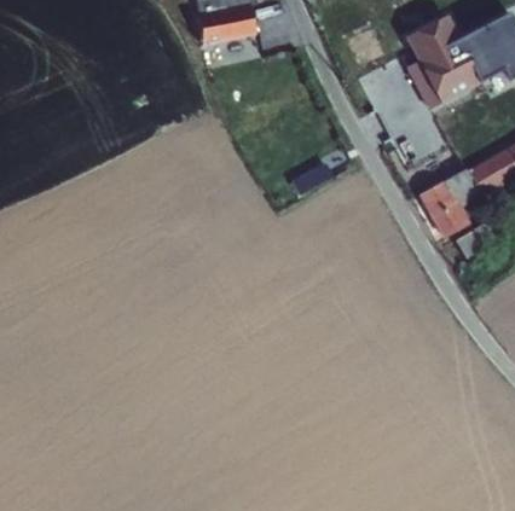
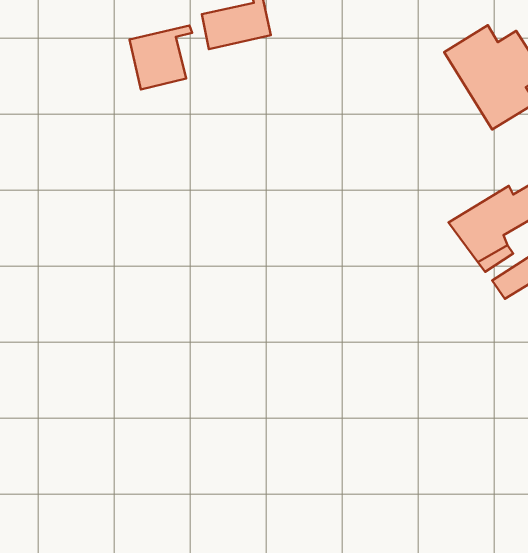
building: none -> [130,25,192,89]

